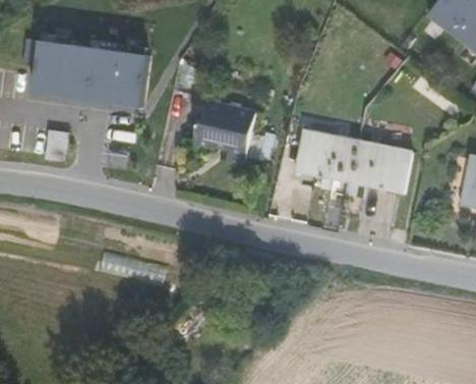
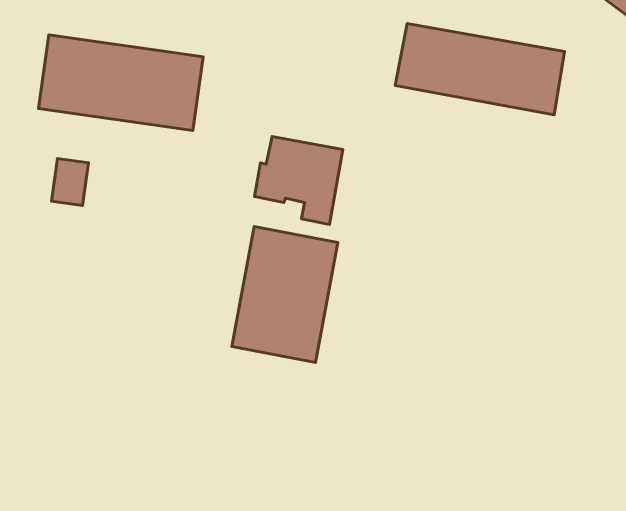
building: [292,128,409,191] -> [395,24,564,115]
building: none -> [232,226,338,362]

